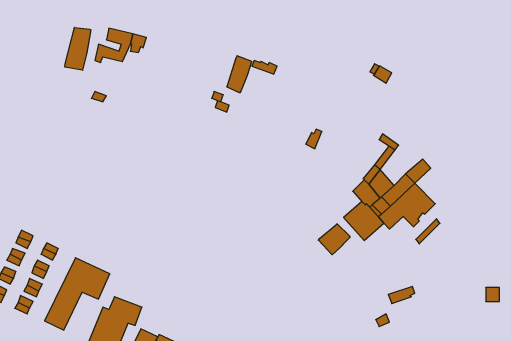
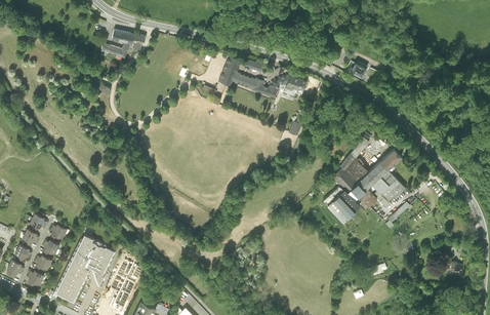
building: [65,27,91,70] -> none
building: none -> [233,70,308,97]
building: [318,224,350,255] -> none

